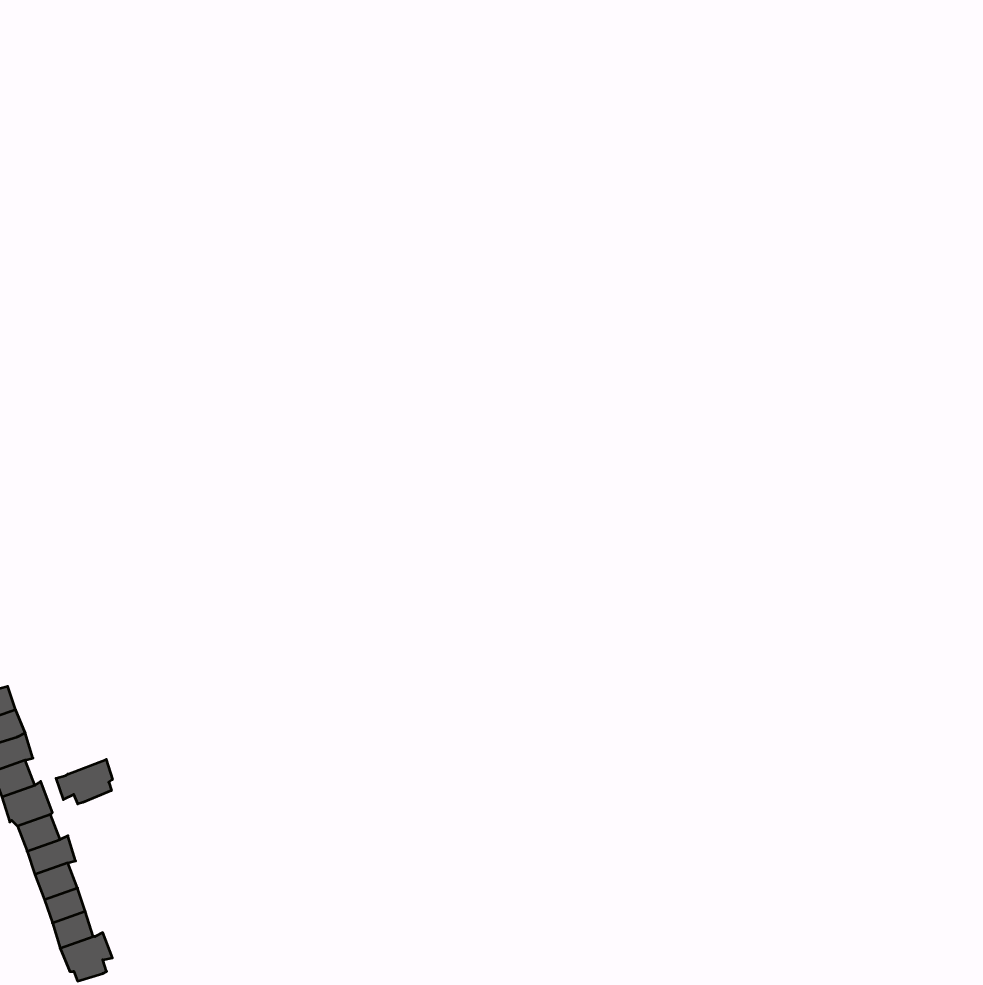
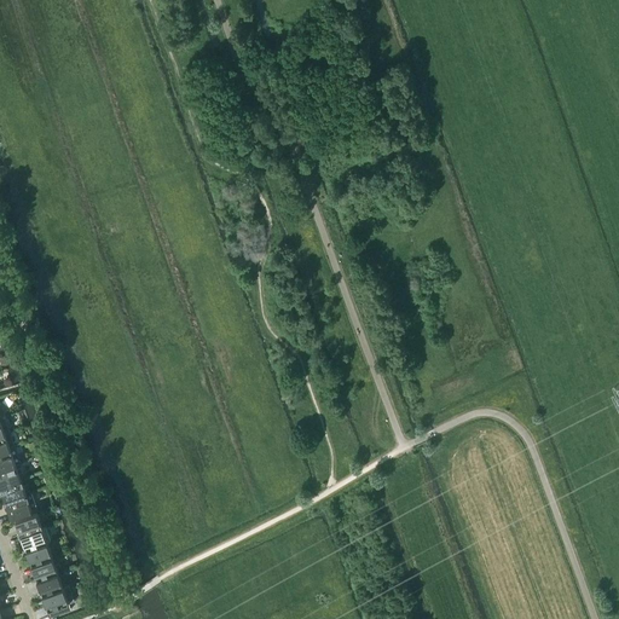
building: [56,759,112,804] -> none

